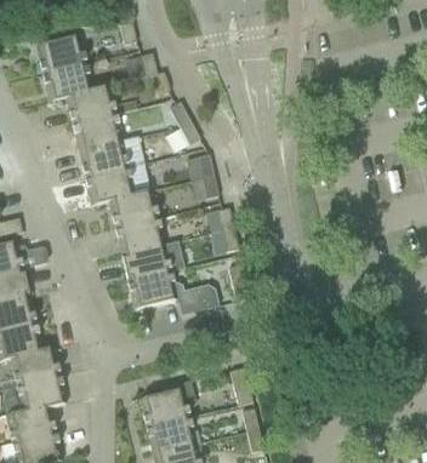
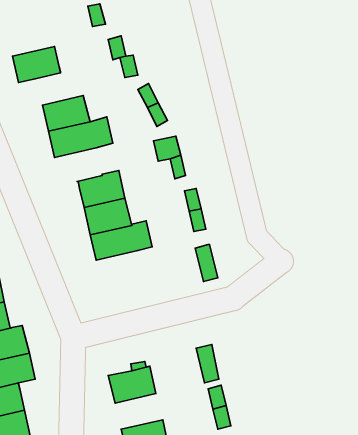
building: [34,36,84,74] -> none
building: [64,87,113,124] -> none
building: [84,167,132,205] -> none
building: [126,271,217,315] -> none
building: [146,417,194,453] -> none

